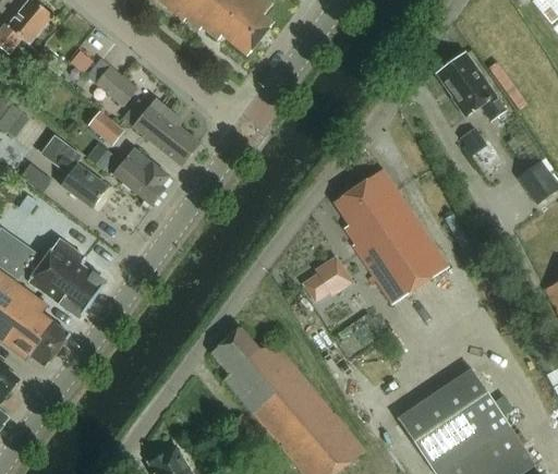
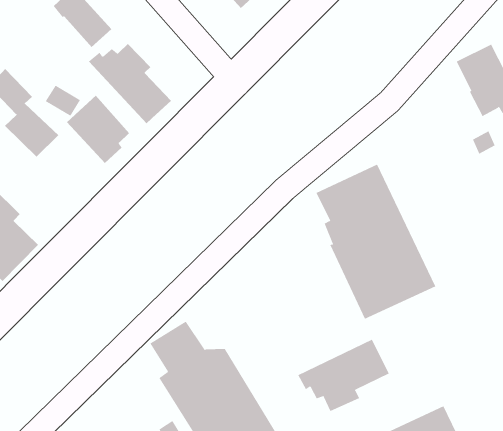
building: [88,109,125,144] -> none
building: [303,255,352,301] -> none
building: none -> [298,339,389,412]

